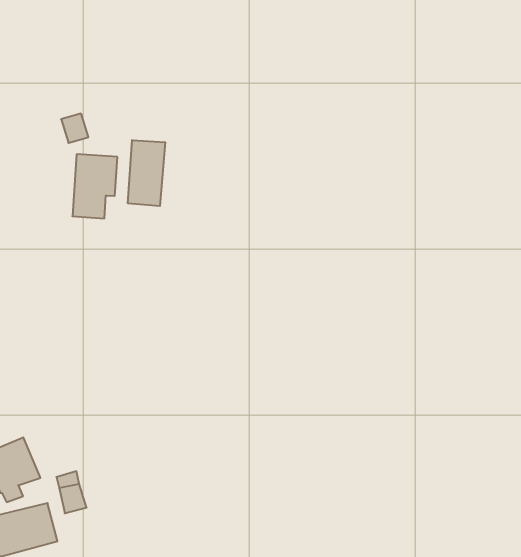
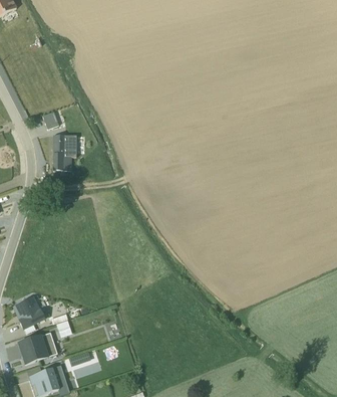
building: [128,140,165,206] -> none

